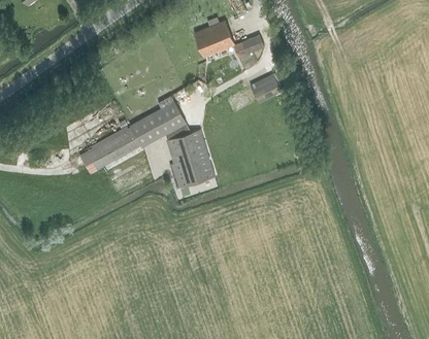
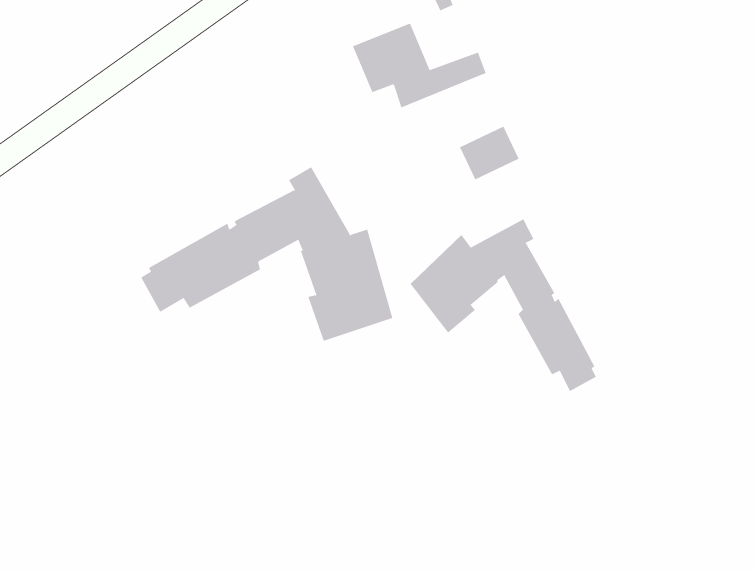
building: none -> [410,219,597,392]

